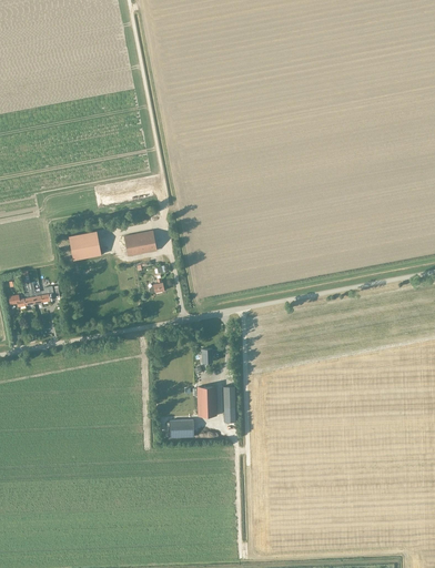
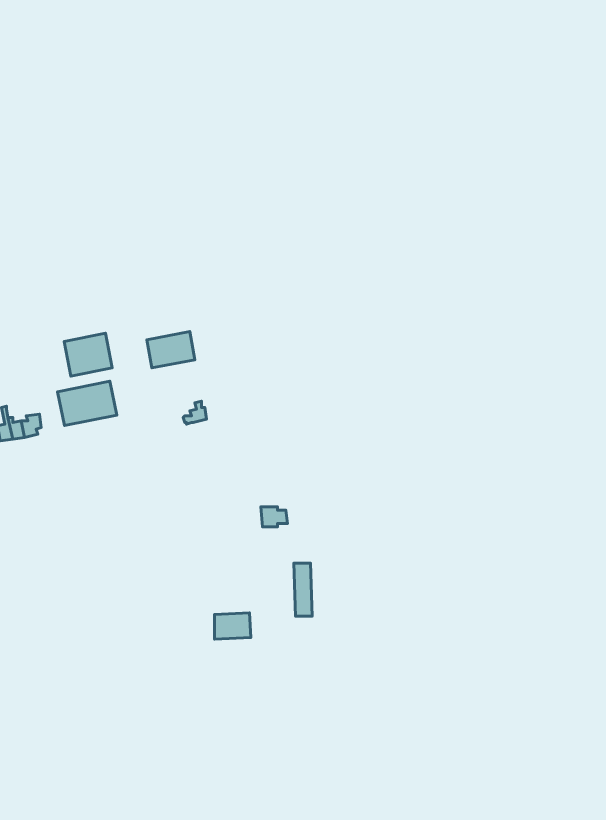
building: none -> [57,381,117,426]
building: [196,386,215,416] -> none

